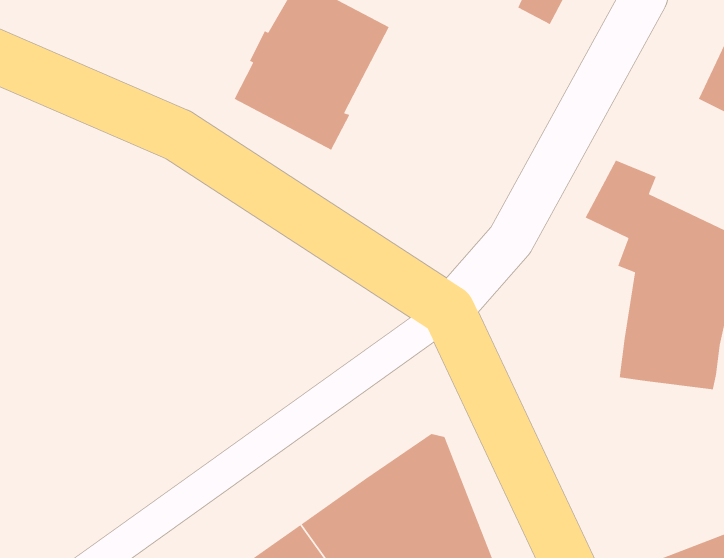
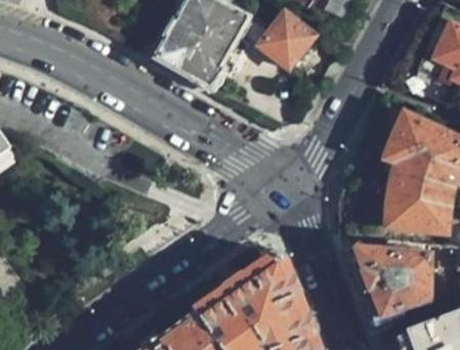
building: none -> [262,13,317,68]
building: none -> [344,252,429,320]

